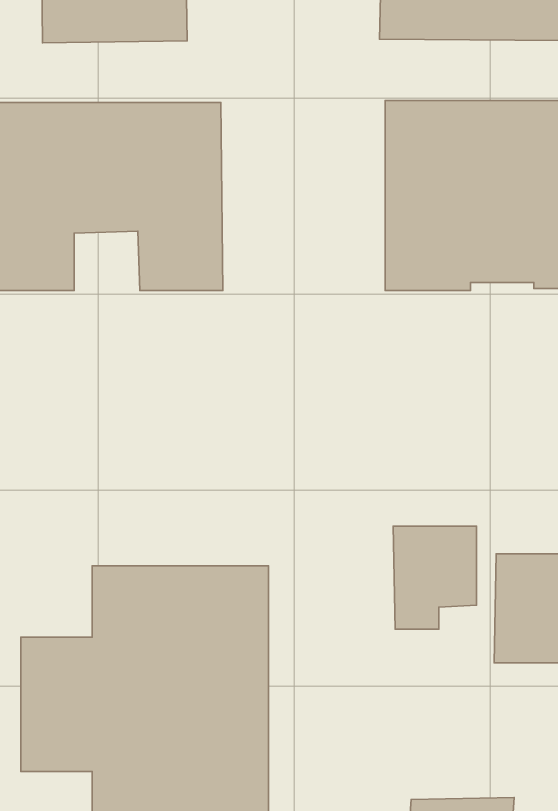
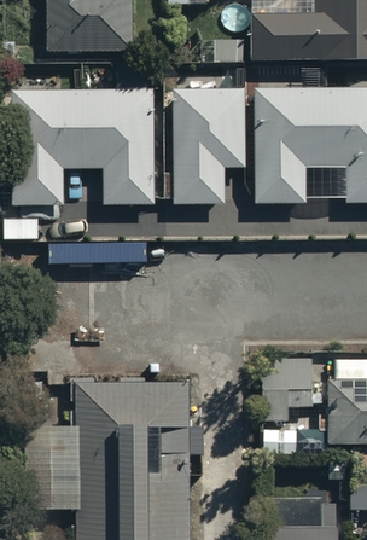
building: none -> [174,95,247,209]

